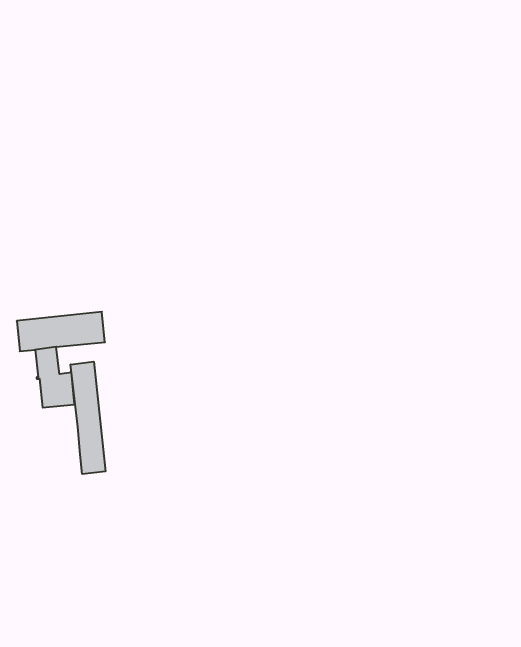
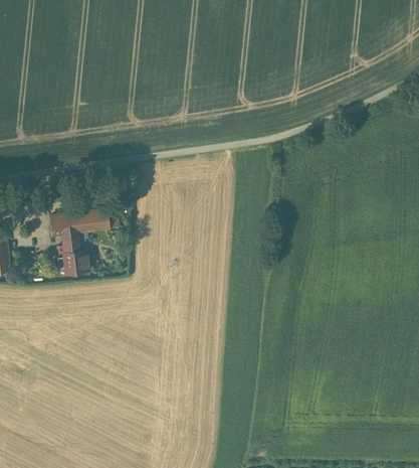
building: [71,362,105,474] -> none

